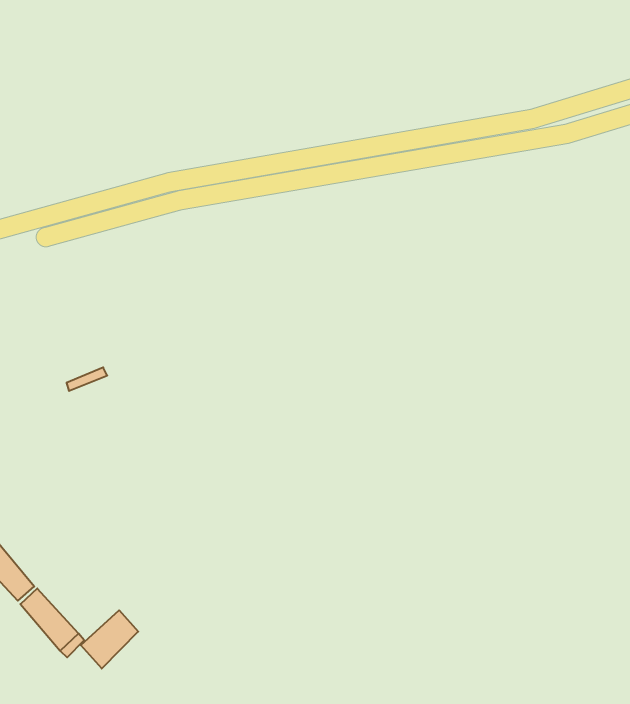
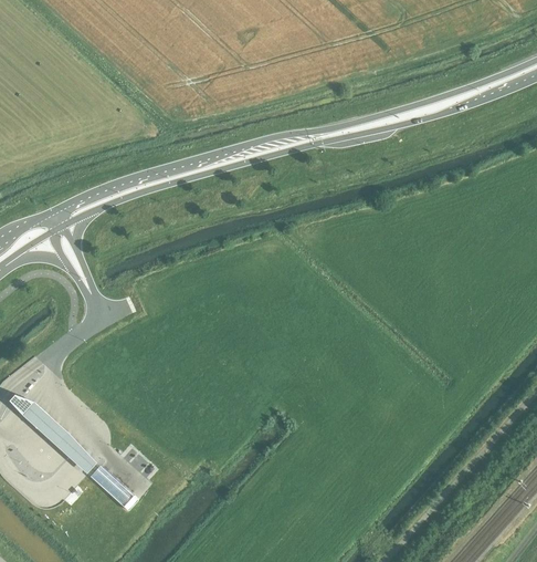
building: [81,610,138,669] -> none

